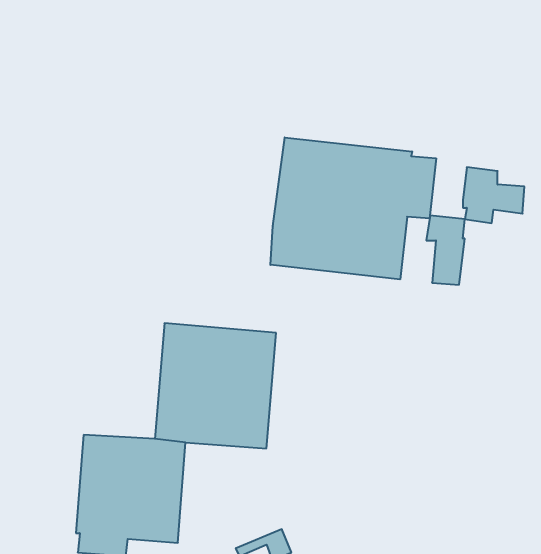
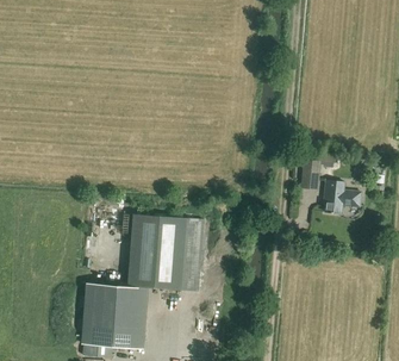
building: [270,137,436,279] -> none
building: [463,167,524,223] -> [323,180,361,214]

